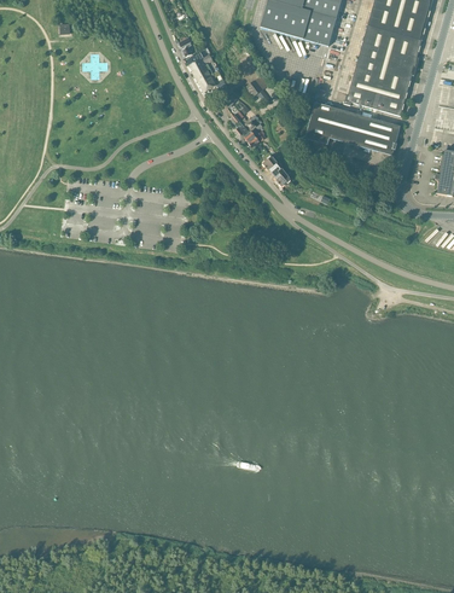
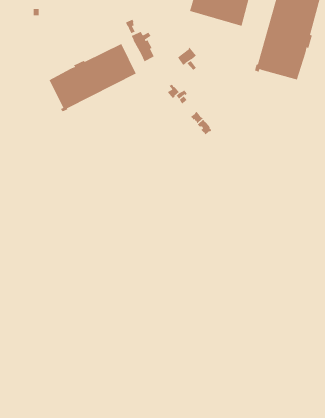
building: none -> [49,43,137,112]
building: [304,101,400,155] -> none

